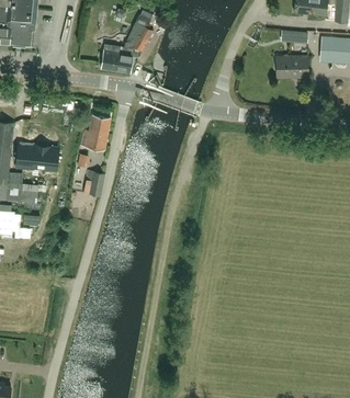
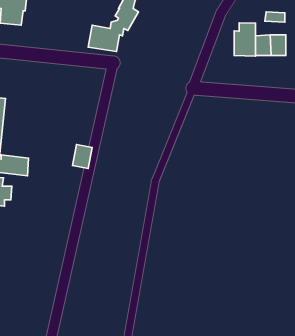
building: none -> [234,23,256,56]
building: [80,115,110,150] -> none
building: [21,145,57,171] -> none

